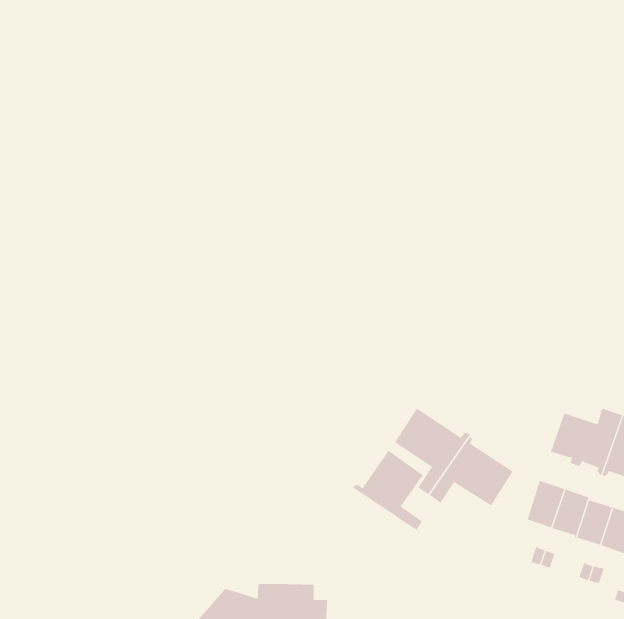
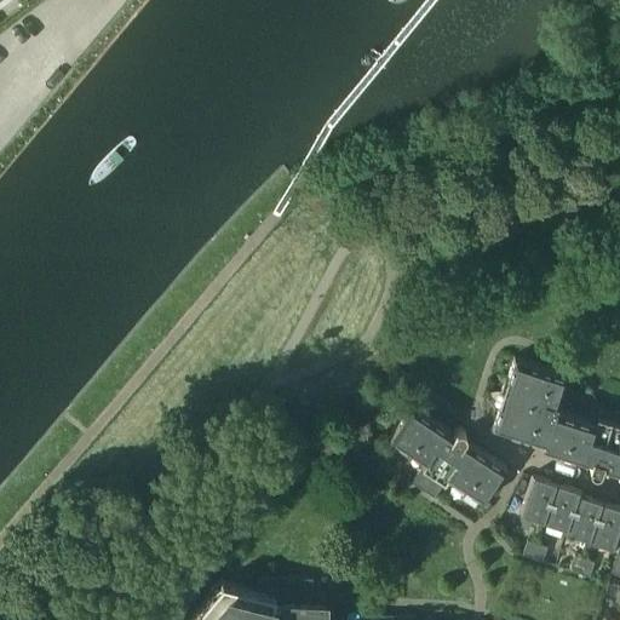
building: none -> [495,363,570,454]
building: [353,450,423,531] -> none

